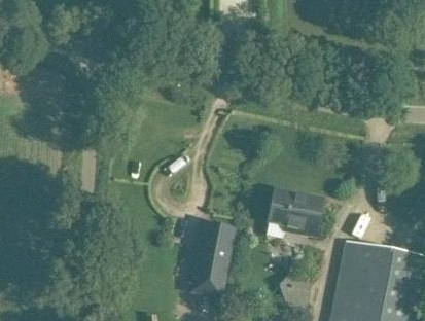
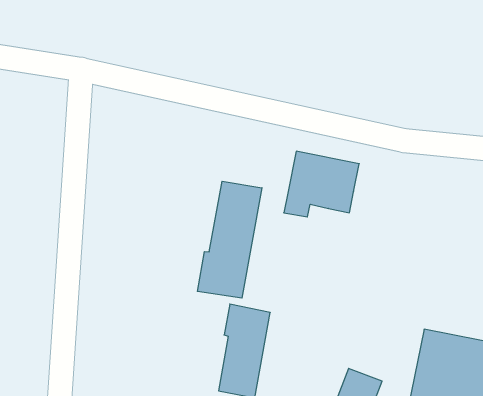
building: none -> [197,181,262,298]
building: [264,191,320,240] -> [284,151,359,217]

